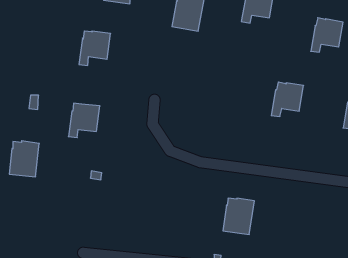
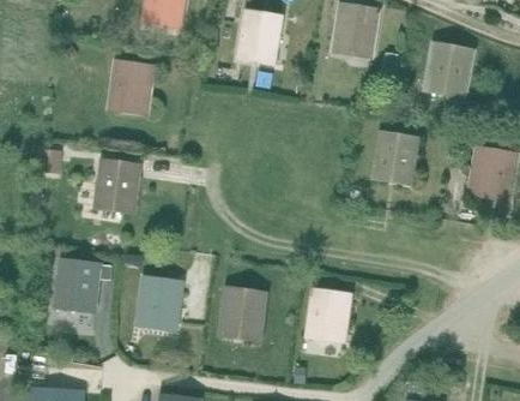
building: [9,141,39,177] -> [55,262,96,311]
building: none -> [138,279,181,327]
building: none -> [222,289,265,336]

